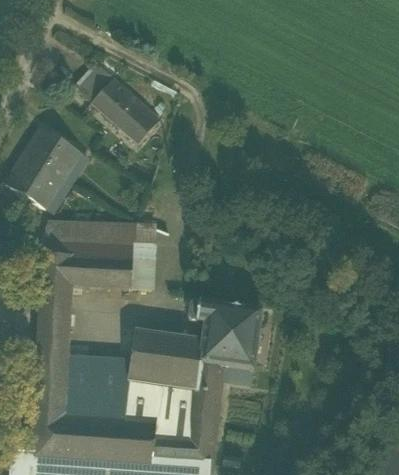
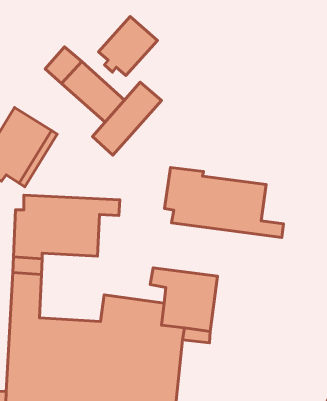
building: none -> [99,16,157,76]
building: none -> [93,82,162,155]
building: none -> [164,168,283,237]
building: [132,244,155,289] -> none

